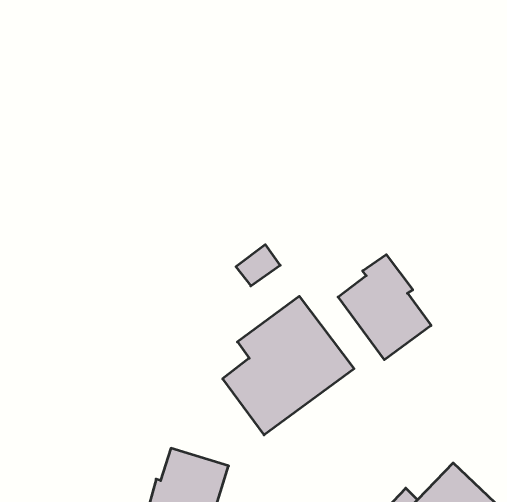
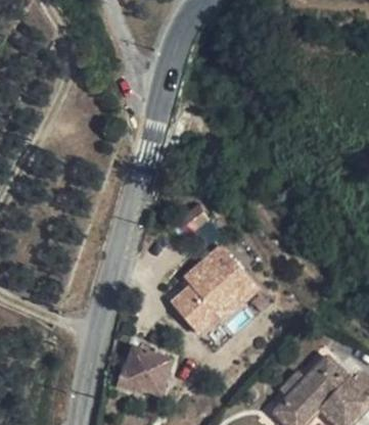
building: [338,255,431,360] -> none

